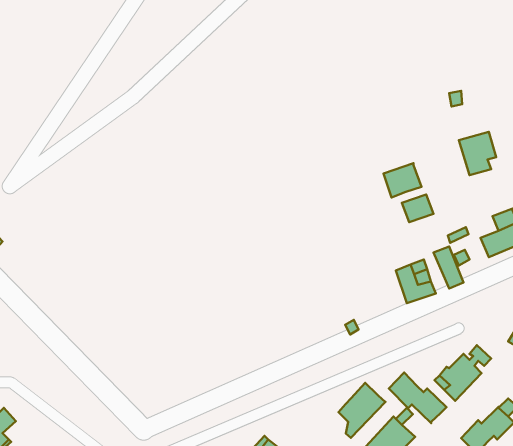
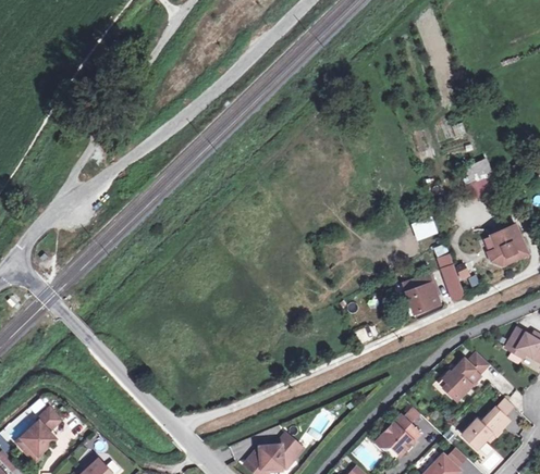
building: [384,163,421,197] -> none
building: [389,373,446,423] -> none
building: [339,383,385,438] -> none

